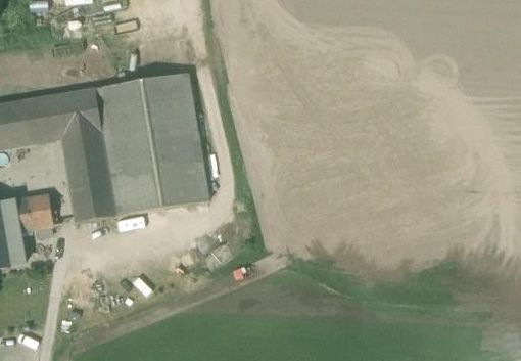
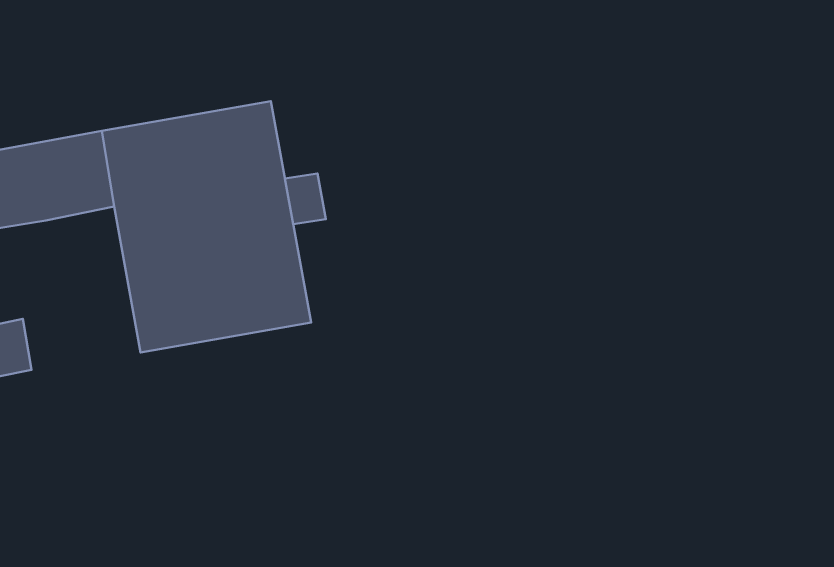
building: none -> [285,173,326,224]
building: [58,131,113,223] -> none

